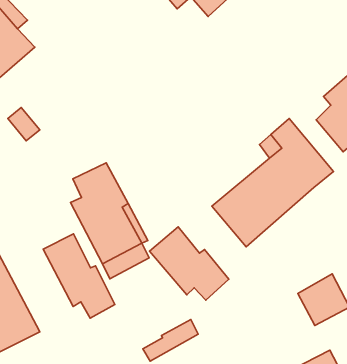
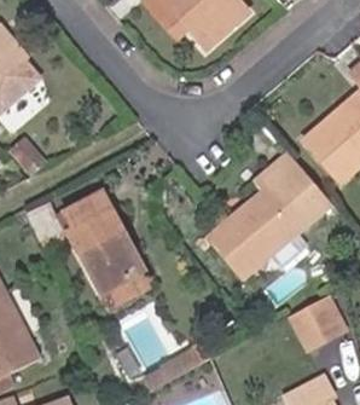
building: [149,227,229,300] -> none
building: [43,234,115,318] -> none

